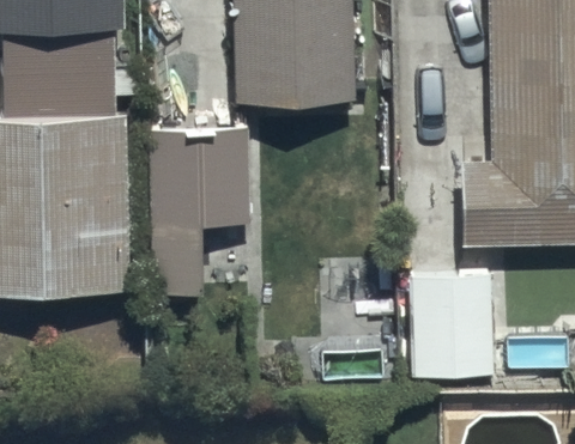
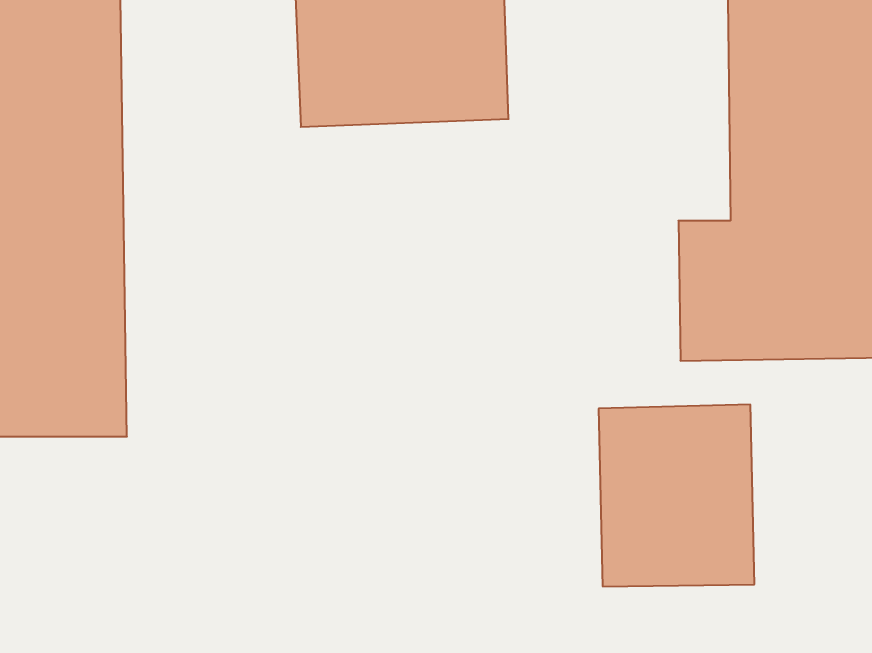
building: [149,128,249,229] -> none

